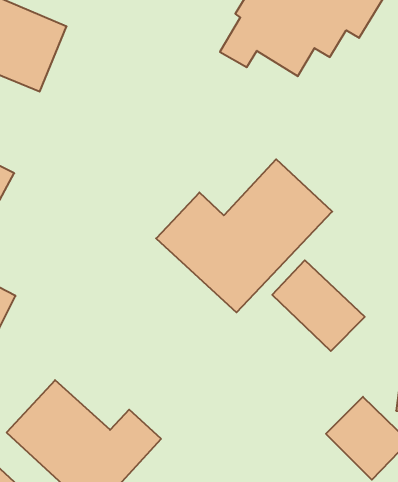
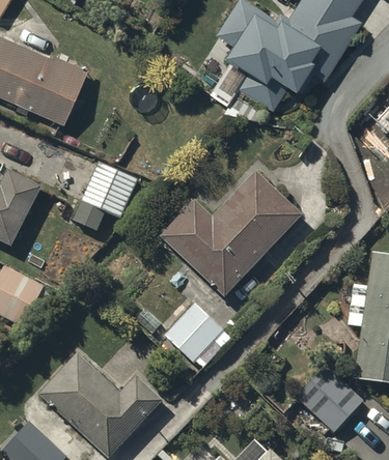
building: none -> [72,159,139,230]
building: [272,260,365,351] -> none
building: none -> [164,305,231,370]

